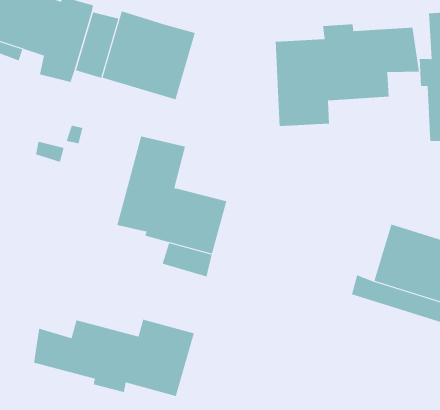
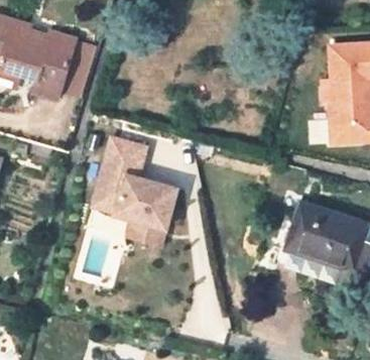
building: [102,11,195,100] -> none
building: [275,24,420,127] -> none
building: [34,319,195,397] -> none

